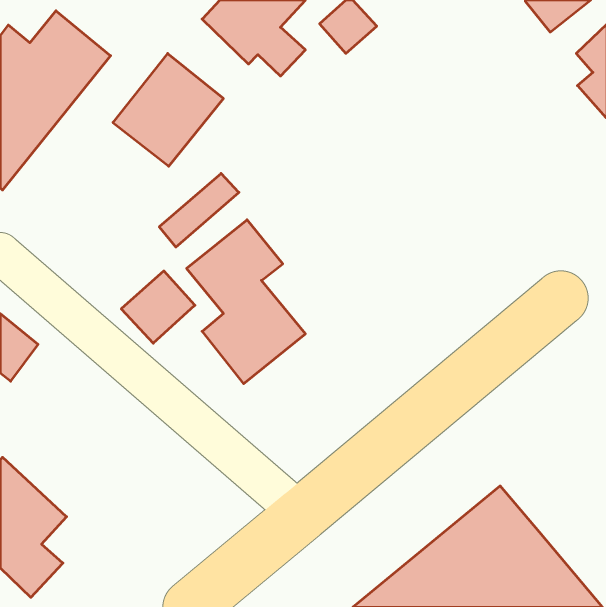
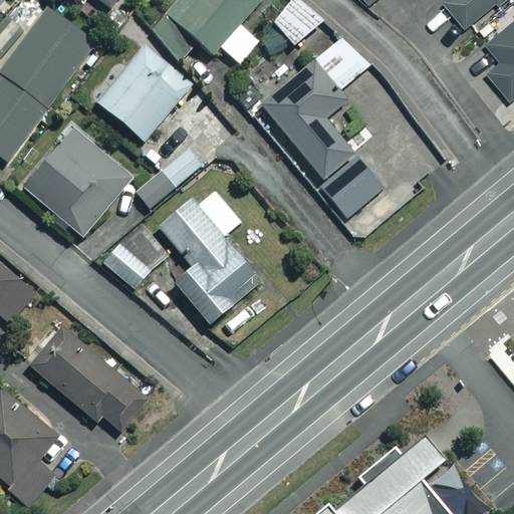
building: none -> [251,36,383,225]
building: none -> [23,128,132,237]
building: none -> [29,328,148,431]

